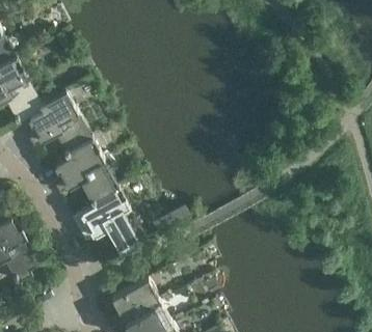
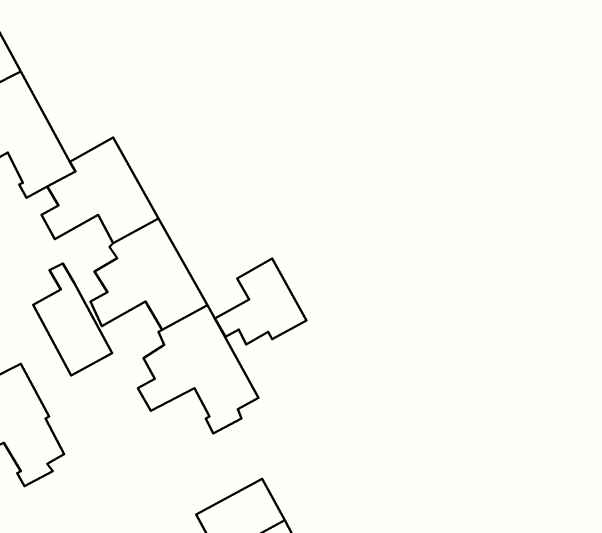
building: none -> [215,258,306,344]
building: none -> [33,263,112,375]

